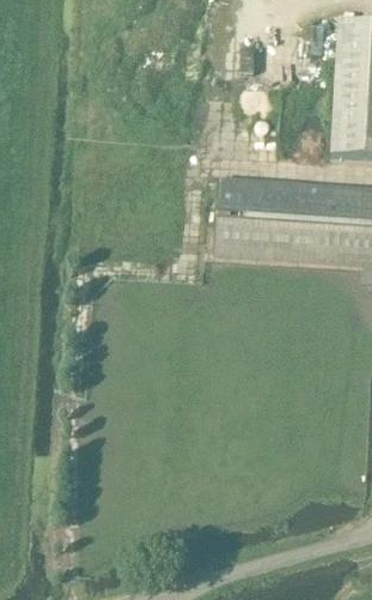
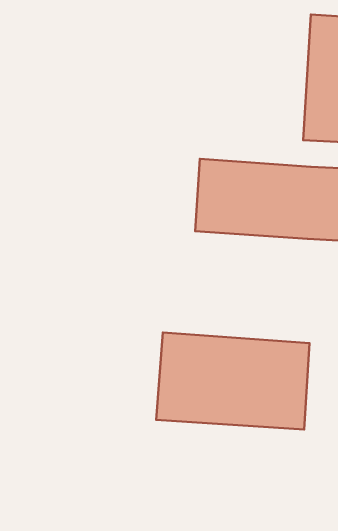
building: none -> [156,332,310,429]

